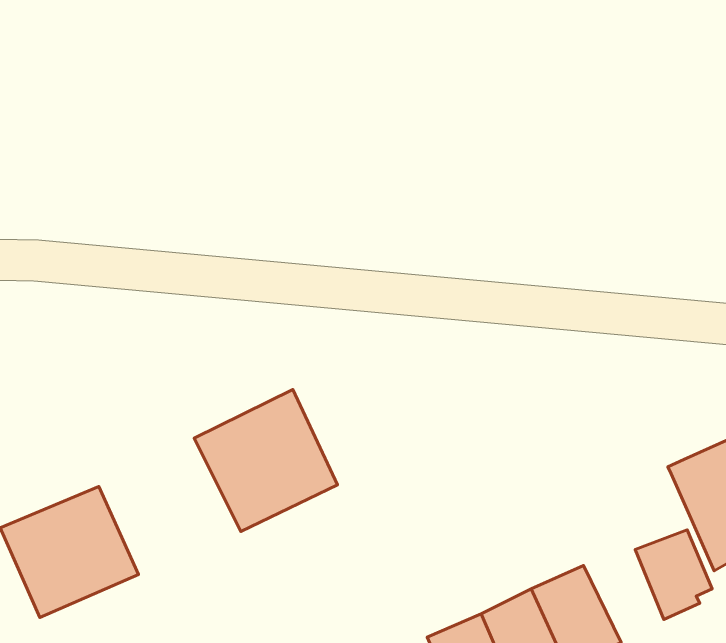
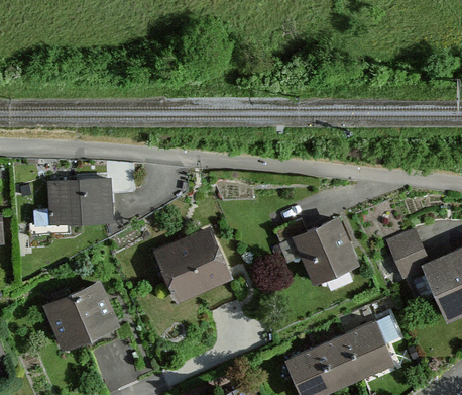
building: none -> [48,179,112,225]
building: none -> [294,214,361,285]
building: [635,530,712,619] -> [384,230,428,281]

